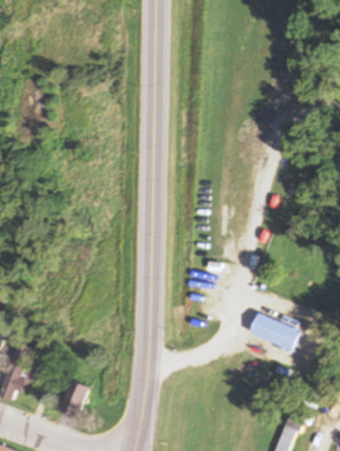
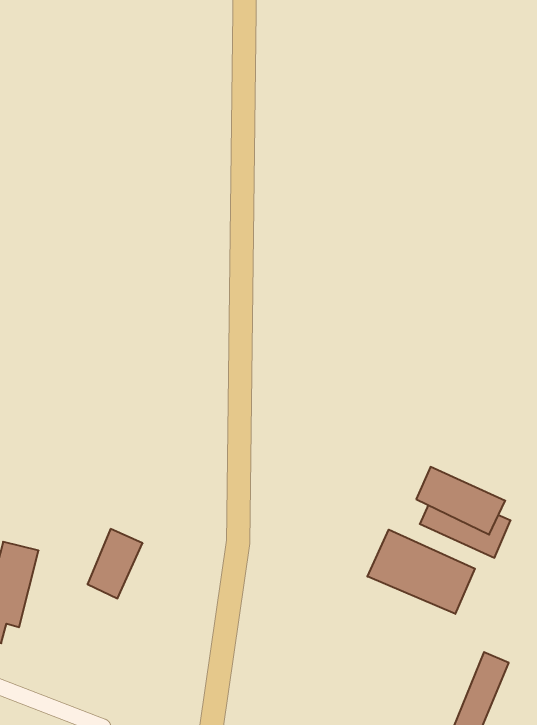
building: none -> [367,530,475,614]
building: [57,380,88,420] -> [87,529,143,598]

